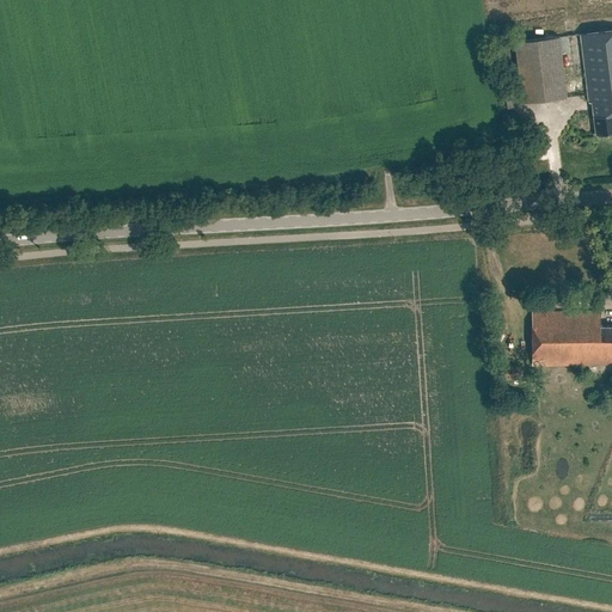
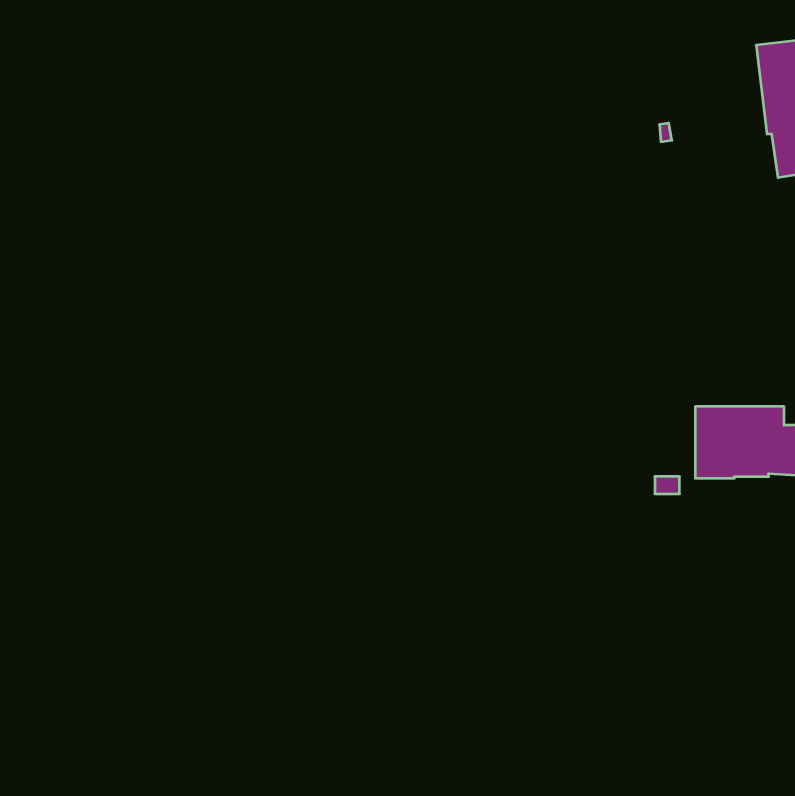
building: [516,38,567,103] -> none

